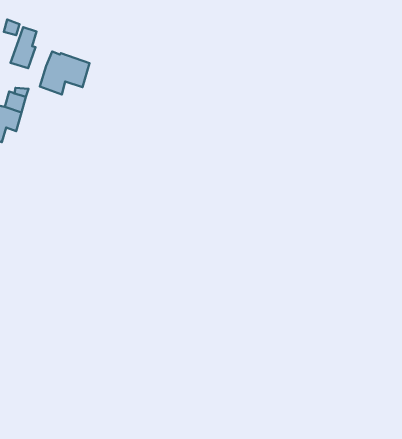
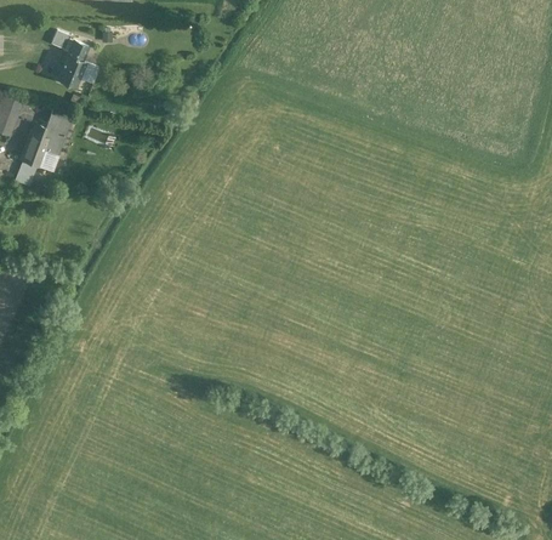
building: [40,51,90,94] -> none

